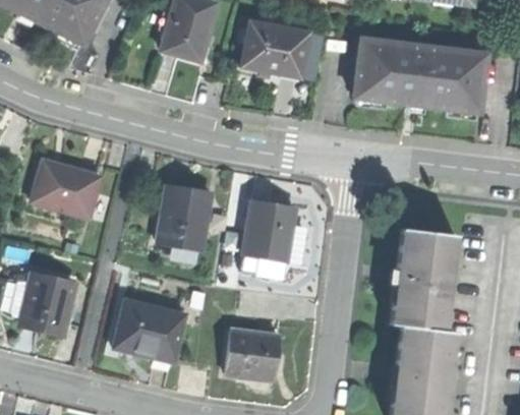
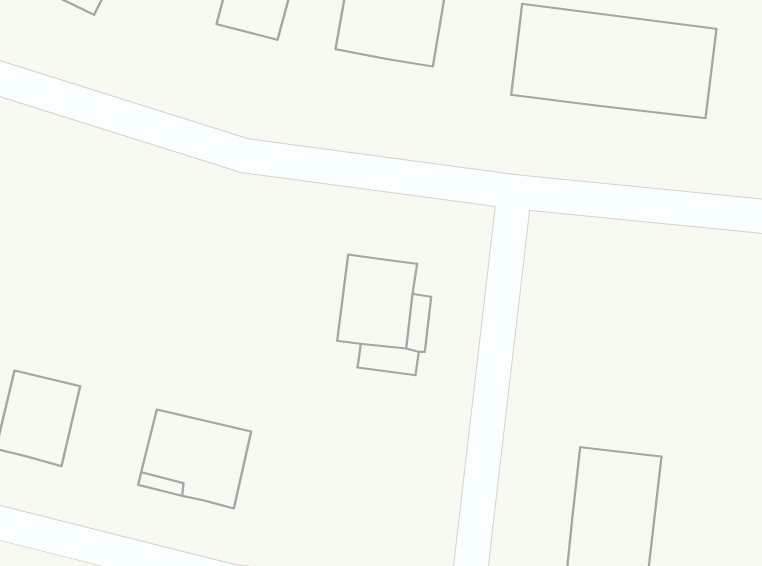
building: [33,160,101,217] -> none
building: [157,187,210,251] -> none
building: [389,229,454,330] -> none
building: [224,331,279,380] -> none

